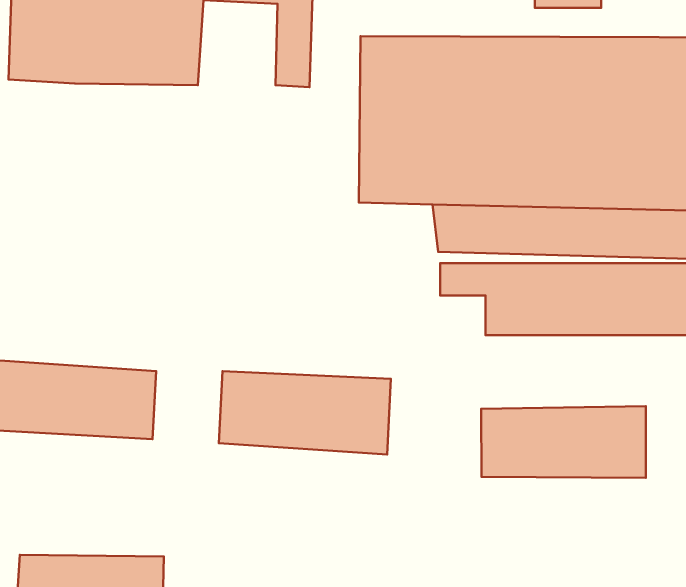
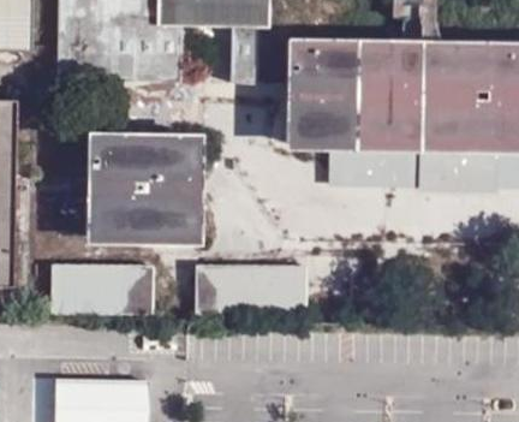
building: none -> [78,127,195,233]
building: [481,406,646,478] -> none

